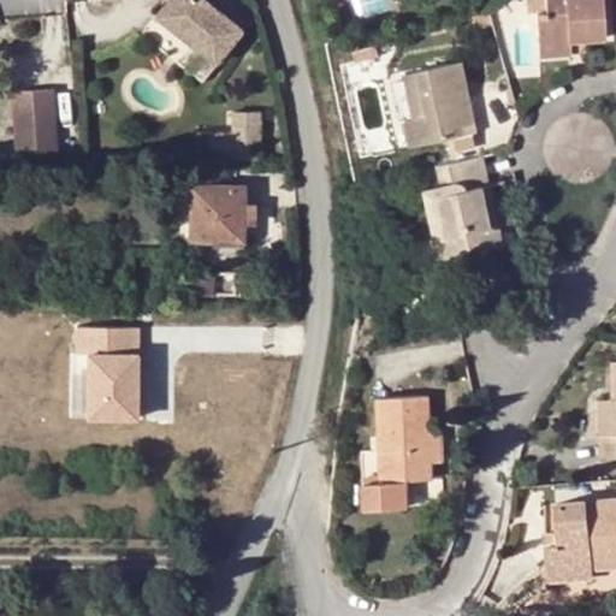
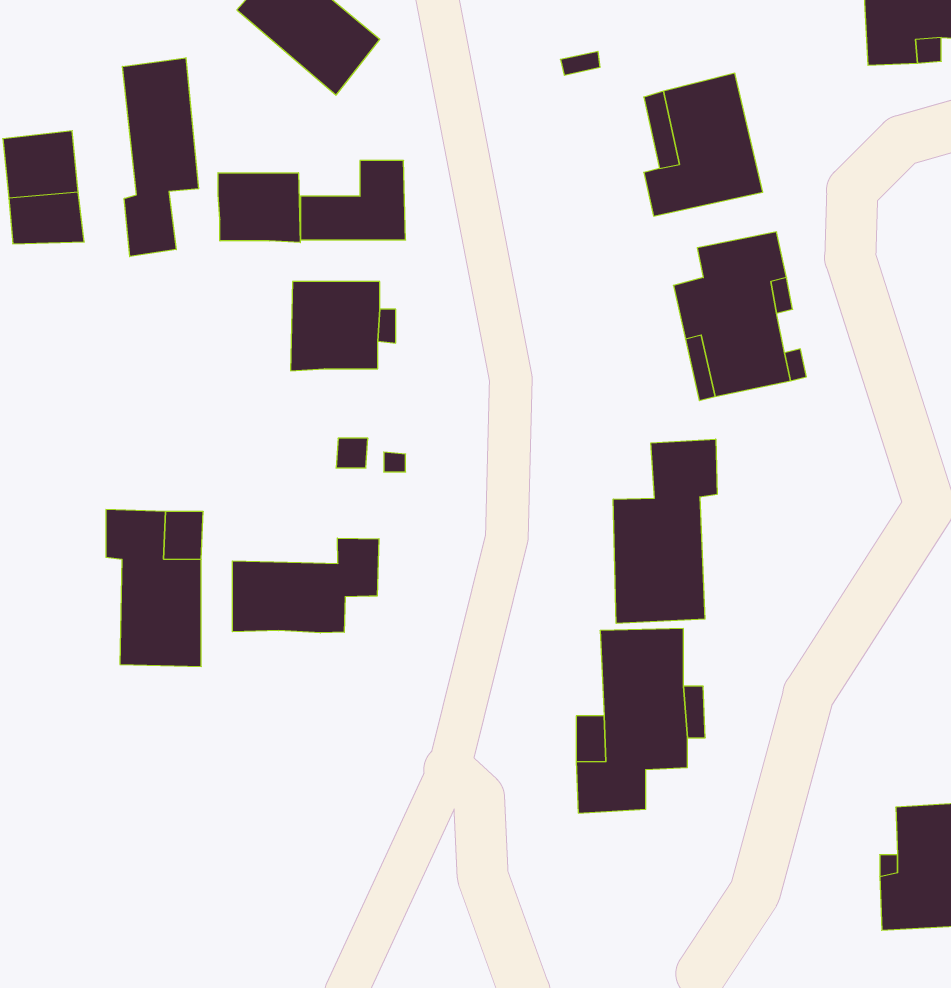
building: none -> [122,58,199,257]
building: none -> [218,173,300,243]
building: none -> [613,439,717,623]
building: none -> [232,538,379,633]

